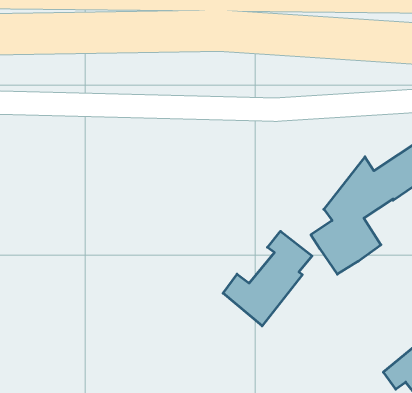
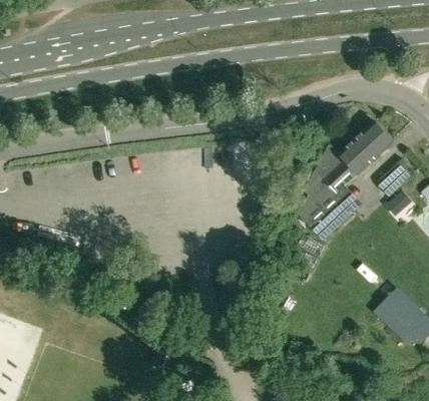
building: [223,231,312,326] -> none

